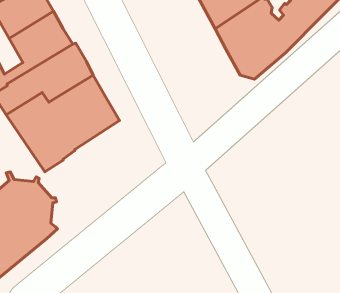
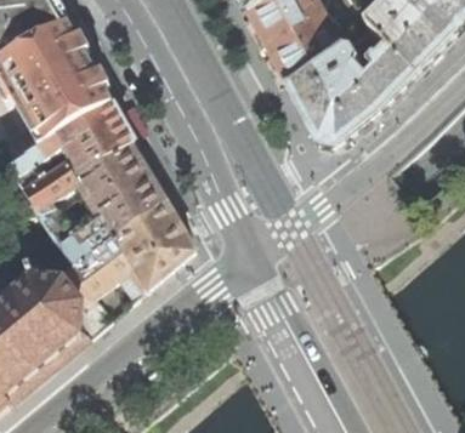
building: none -> [62,195,193,329]

